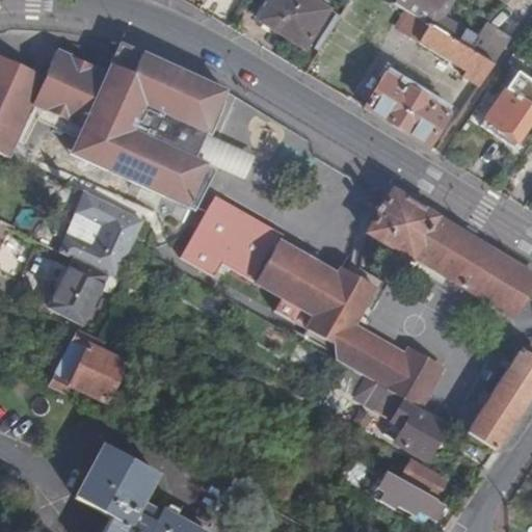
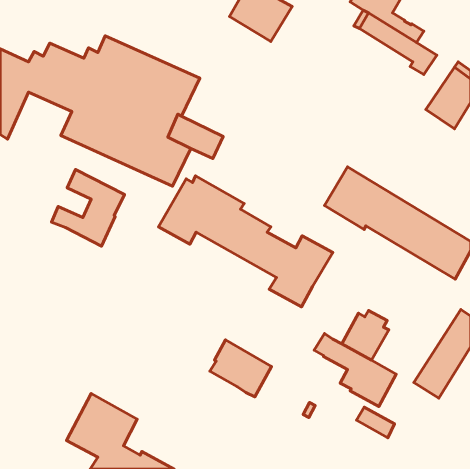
building: [471,23,510,62] -> none
building: [365,66,448,144] -> none
building: [50,259,106,323] -> none
building: [336,323,405,388] -> [210,340,272,397]
building: [50,328,127,401] -> none
building: [376,472,444,518] -> none

